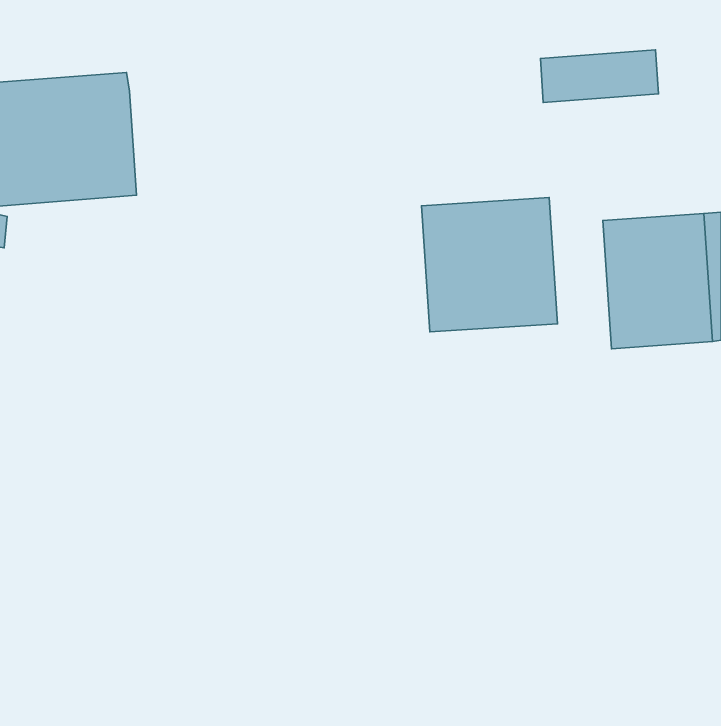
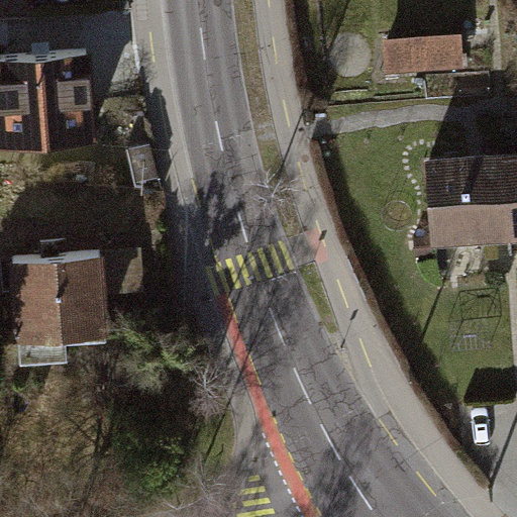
building: [421,198,557,332] -> none
building: none -> [10,256,108,363]

